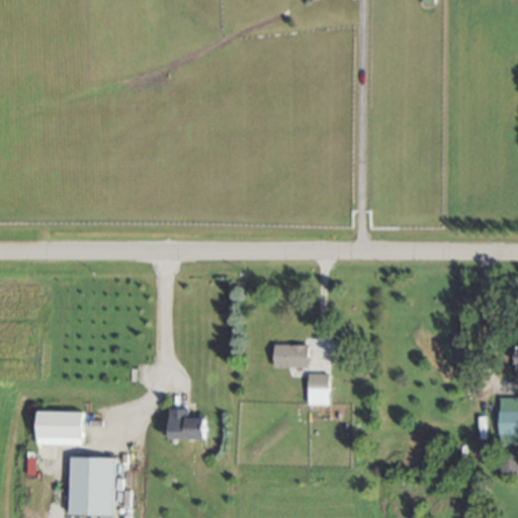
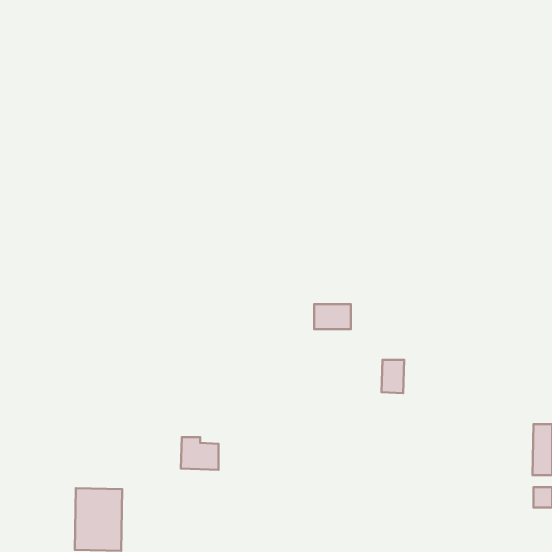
building: [273,344,308,367] -> [314,304,351,329]
building: [307,373,328,405] -> [381,360,404,393]
building: [37,411,82,445] -> none

